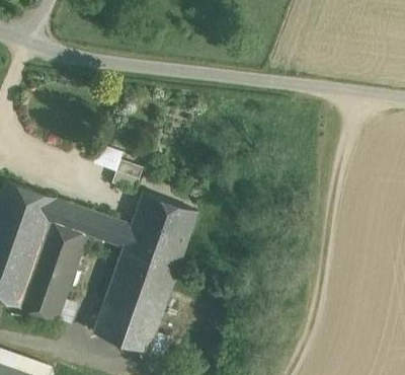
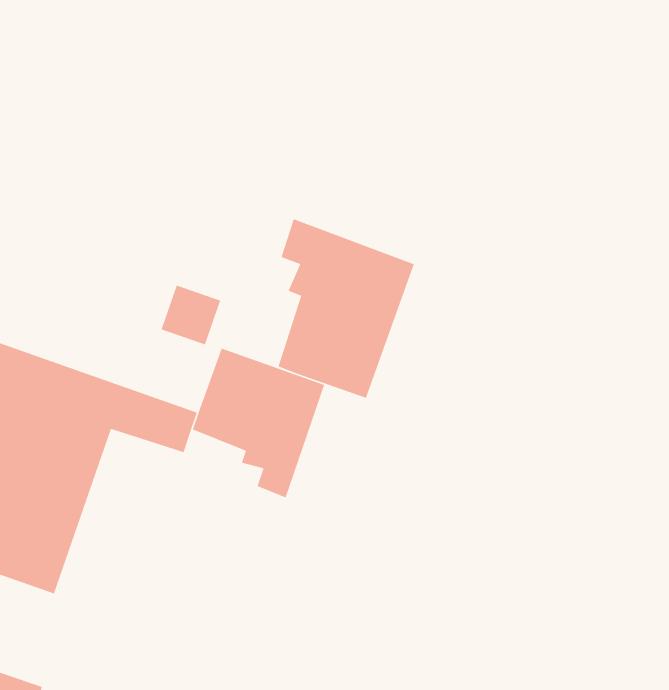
building: none -> [278,218,415,399]
building: [94,235,177,352] -> none

